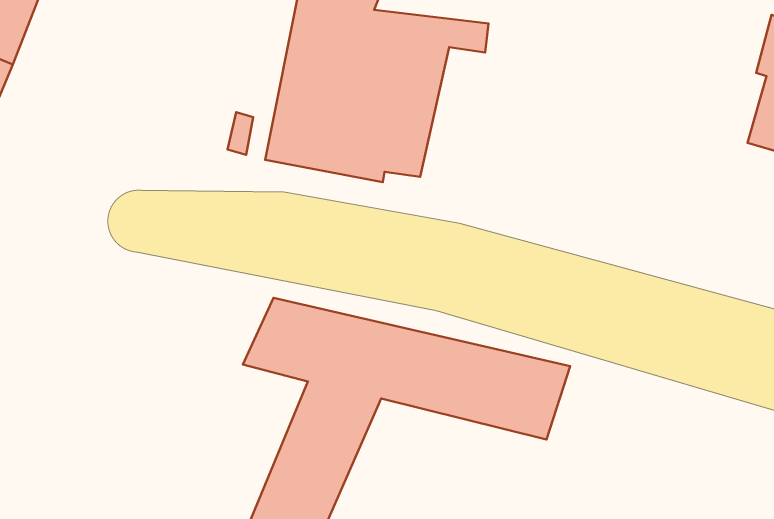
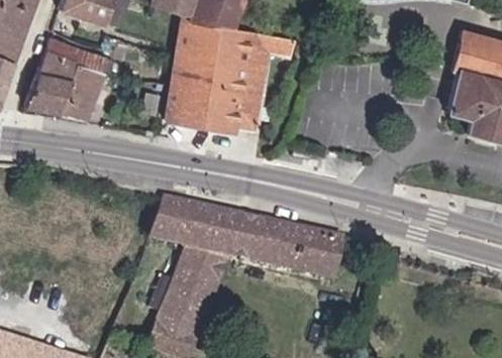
building: none -> [24,46,105,119]

